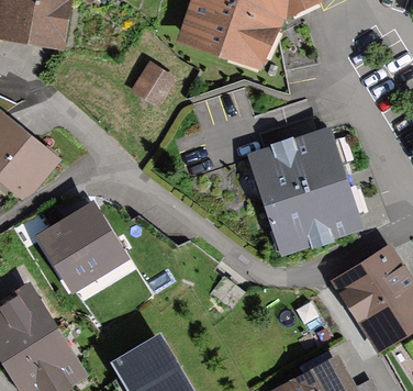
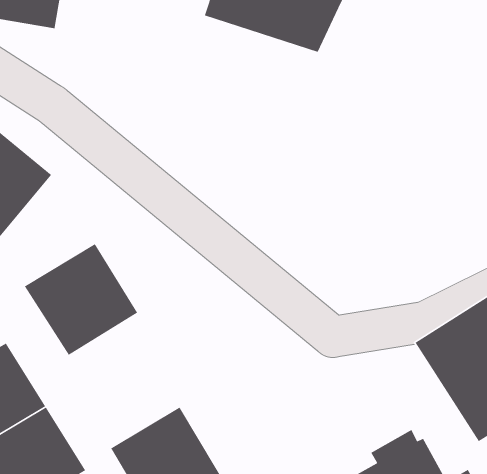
building: [133,62,181,110] -> none
building: [260,135,361,249] -> none

